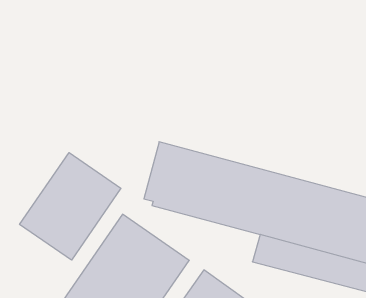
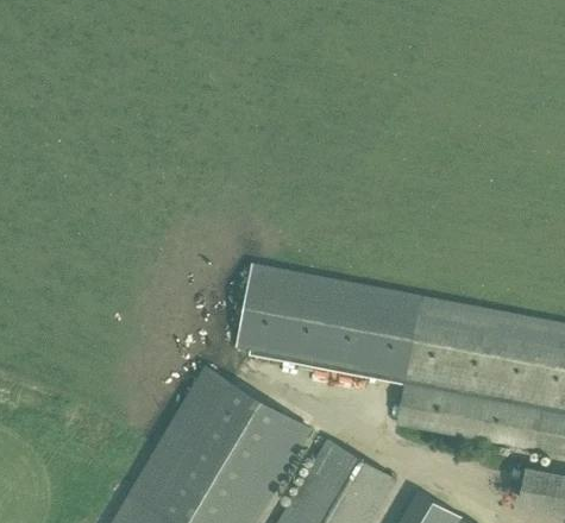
building: [20,153,121,260] -> none

